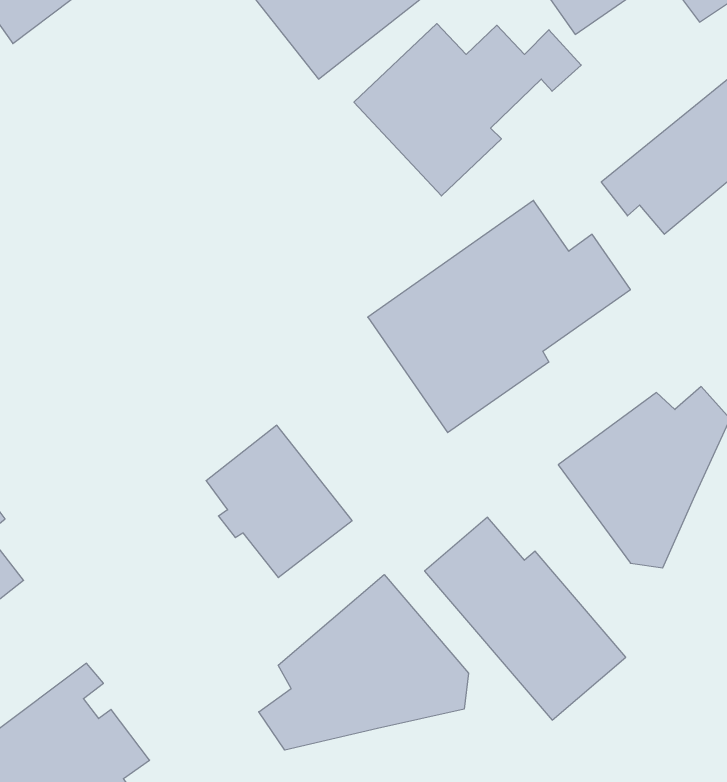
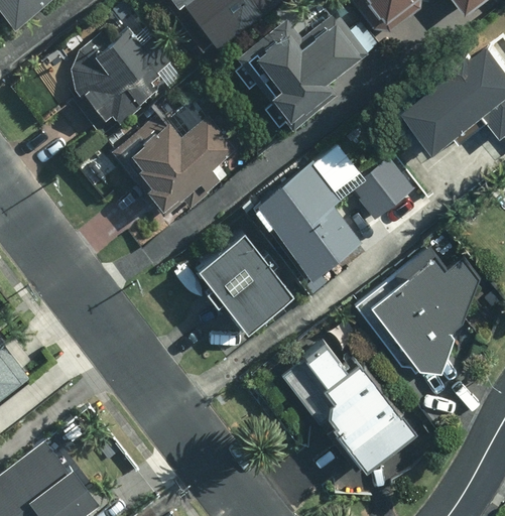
building: none -> [68,26,177,130]
building: none -> [112,101,239,215]
building: [206,425,352,578] -> [203,231,298,331]
building: [259,575,468,750] -> none

